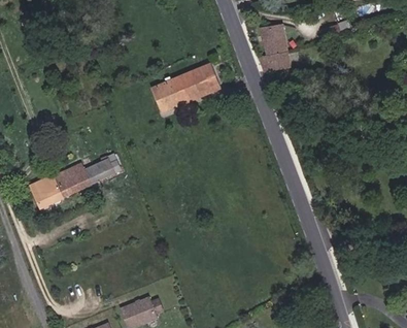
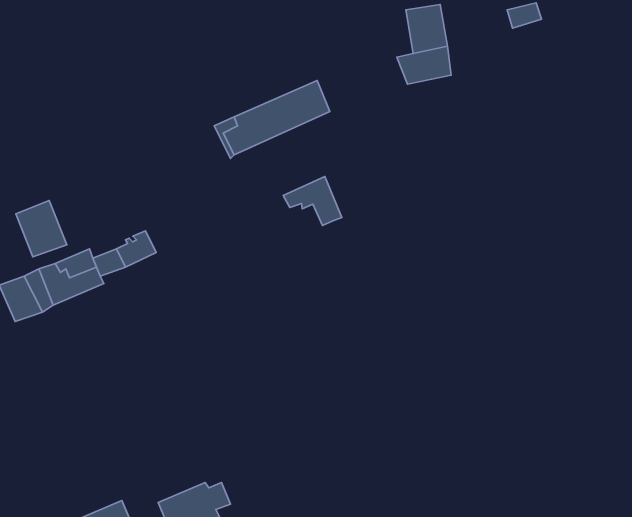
building: none -> [283,177,342,226]
building: none -> [16,200,67,257]

